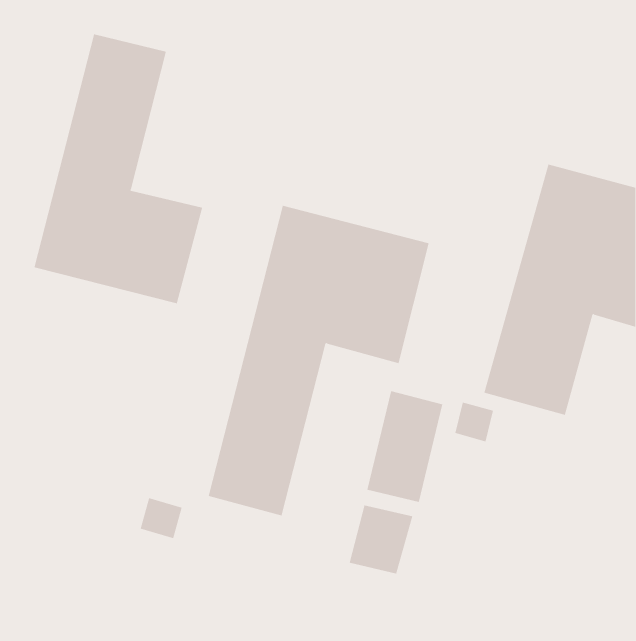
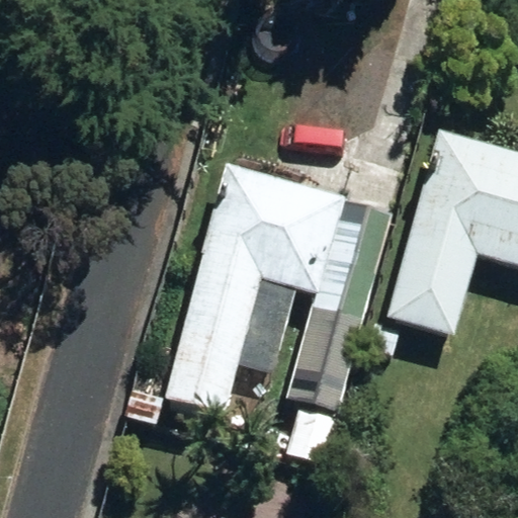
building: [34,33,203,304] -> none

